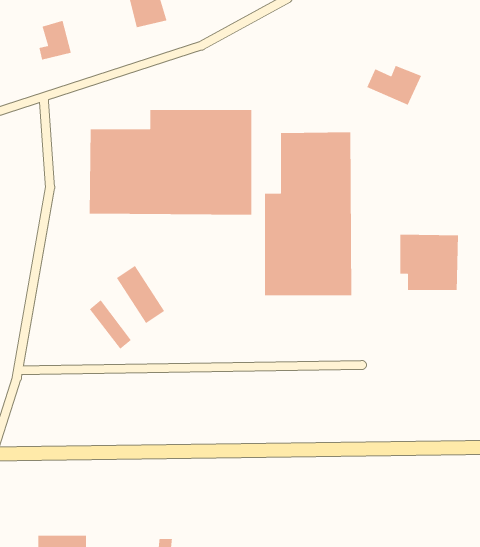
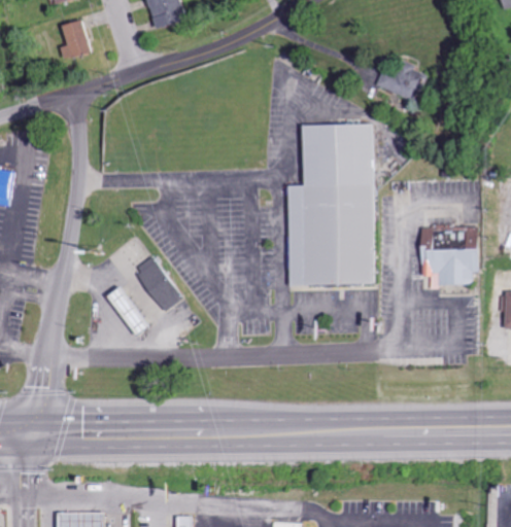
building: [89,109,252,216] -> none

